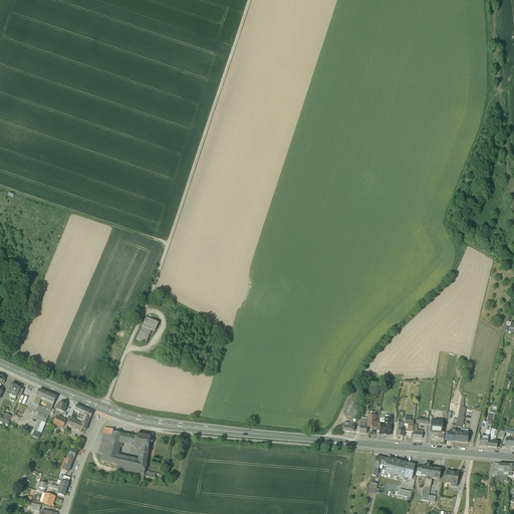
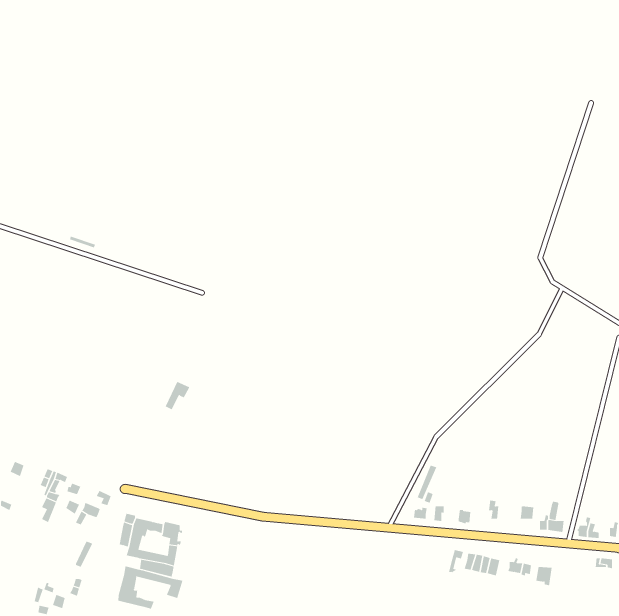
building: none -> [118,566,183,610]

